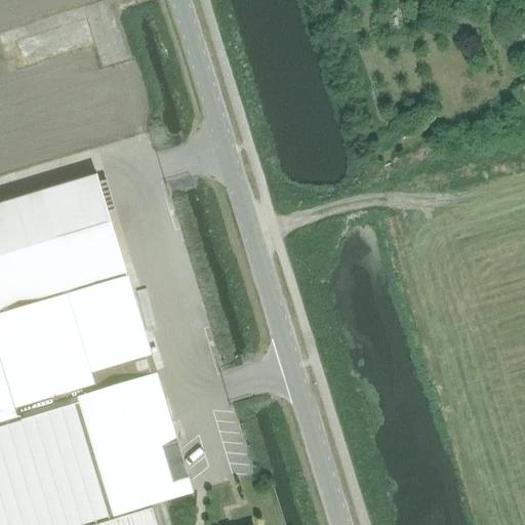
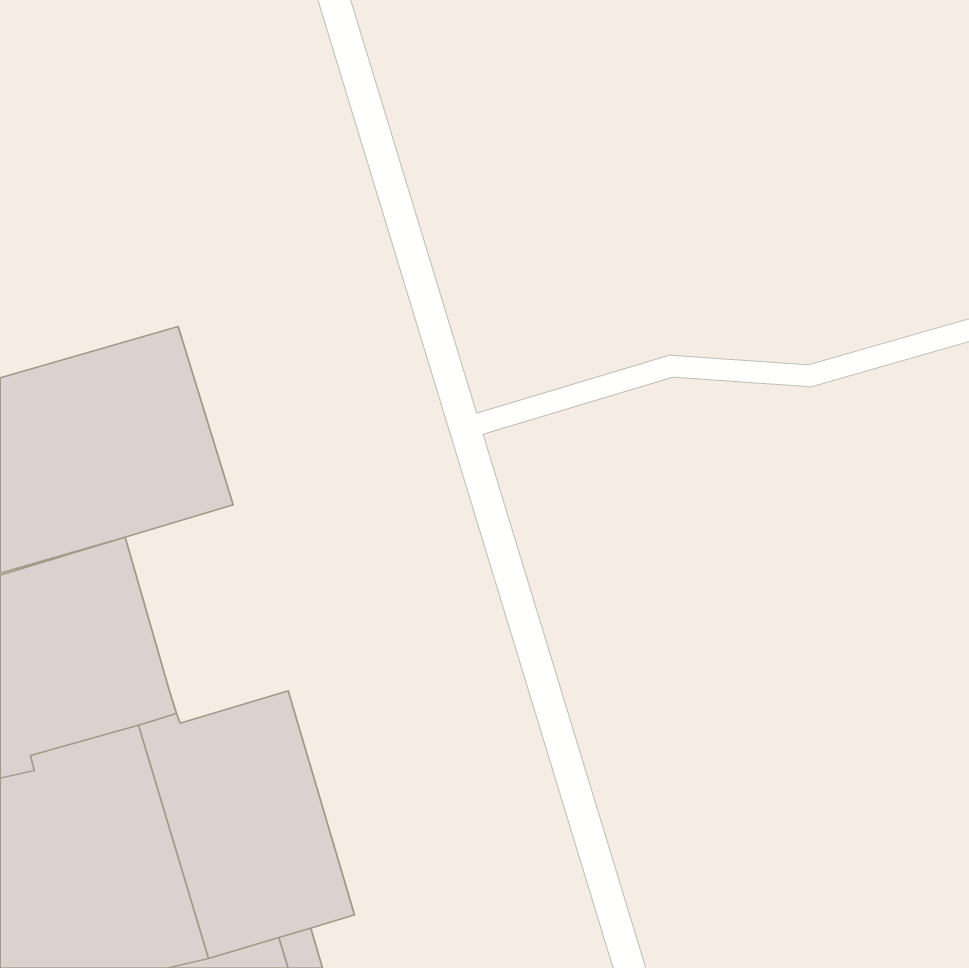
building: [68,273,151,372] -> none

